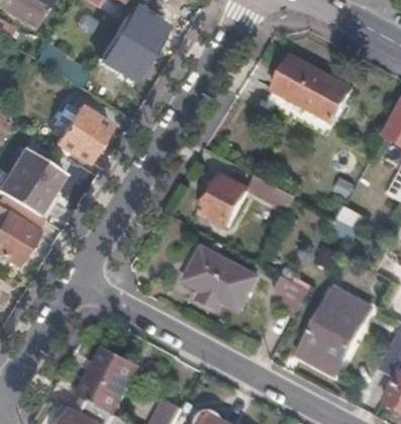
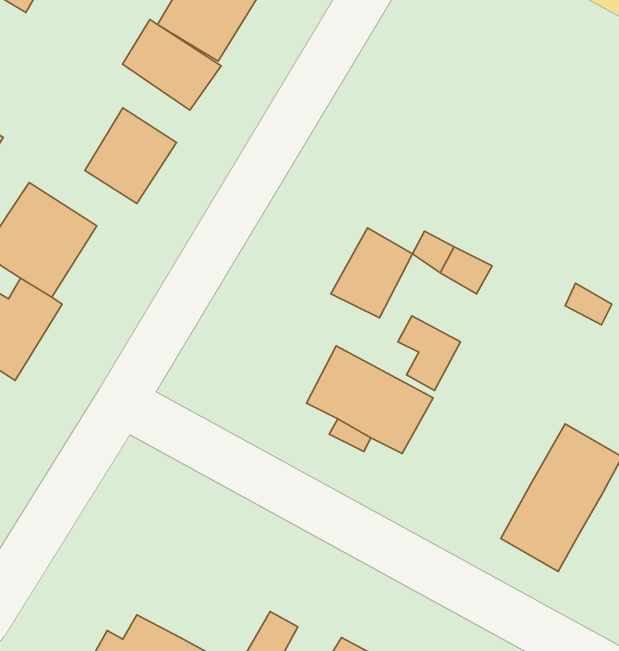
building: none -> [122,20,221,110]
building: [271,57,348,124] -> none
building: [271,276,307,319] -> [398,316,460,390]
building: [73,345,135,412] -> none

